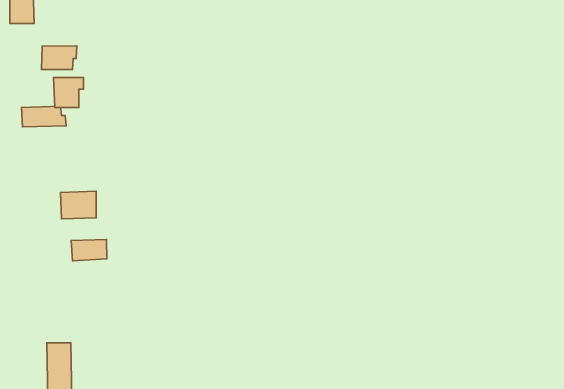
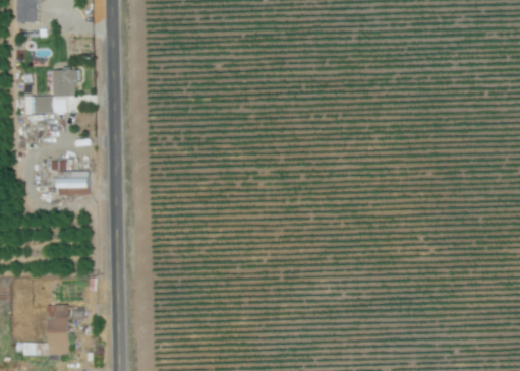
building: [42,46,77,70] -> none
building: [71,239,107,261] -> none

